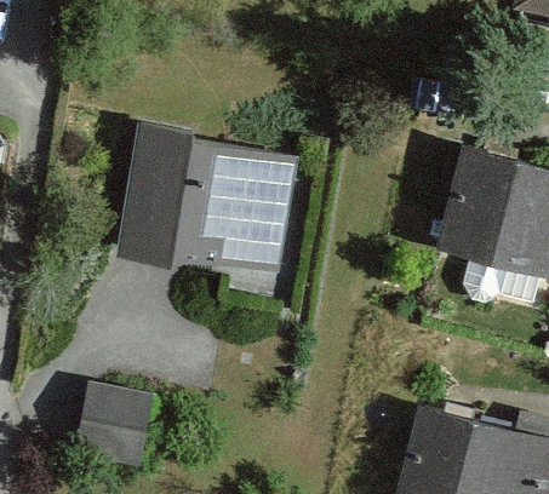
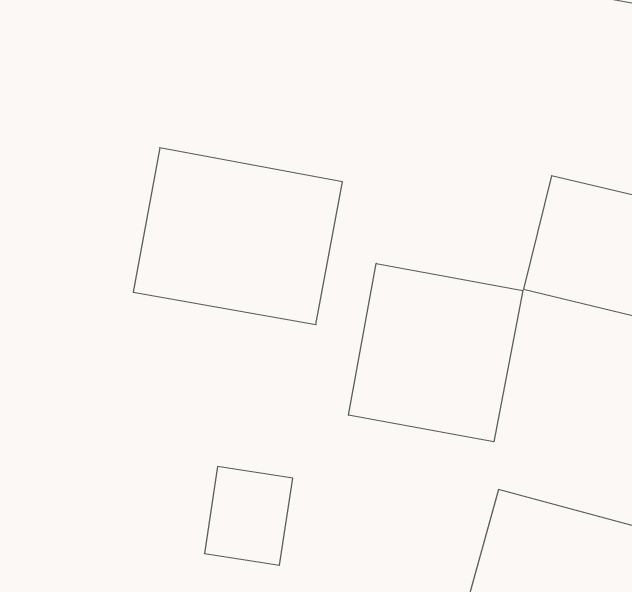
building: none -> [349,263,523,442]
building: [79,386,151,467] -> [204,467,293,565]

